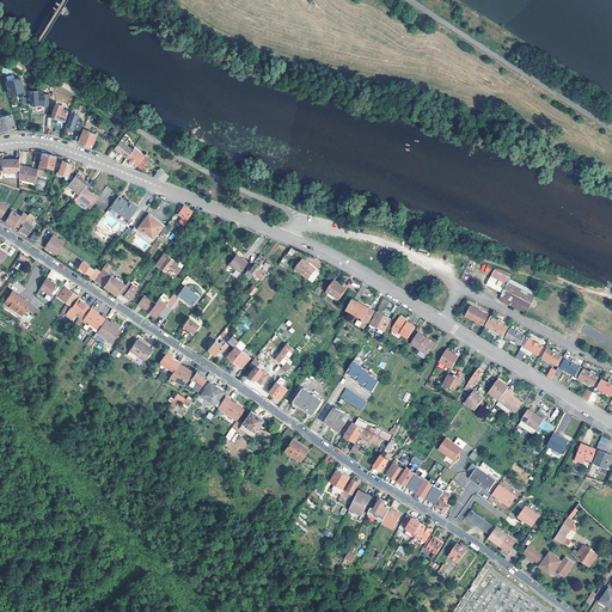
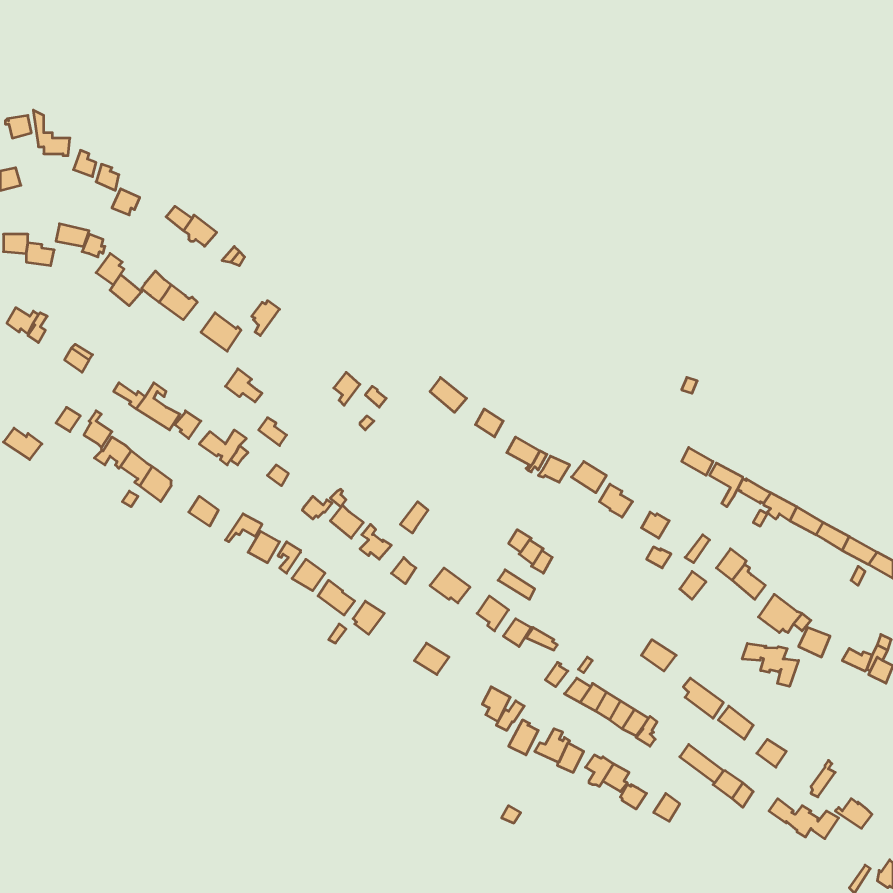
building: [485,269,536,312] -> none
building: none -> [742,643,799,686]

